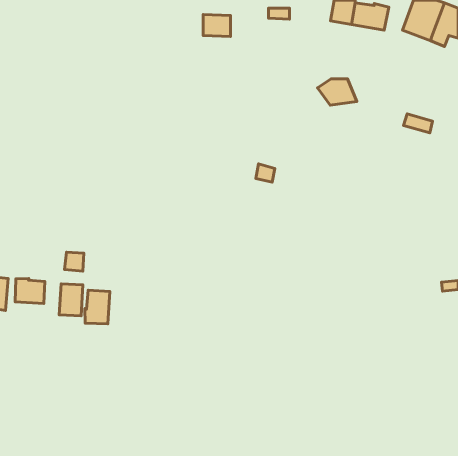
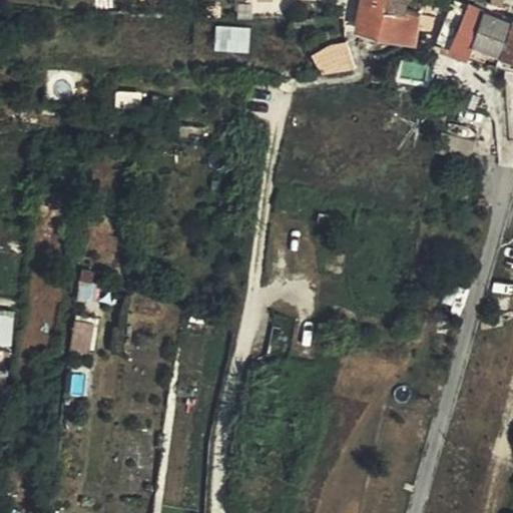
building: [318,79,357,105] -> [318,45,361,74]
building: [15,278,45,303] -> none
building: [85,290,110,324] -> none

